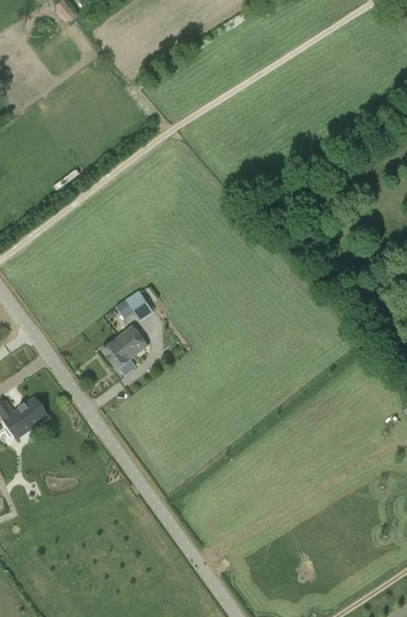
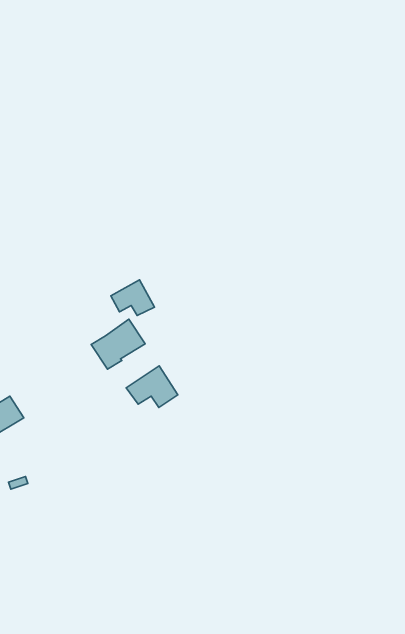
building: none -> [126,366,178,407]

